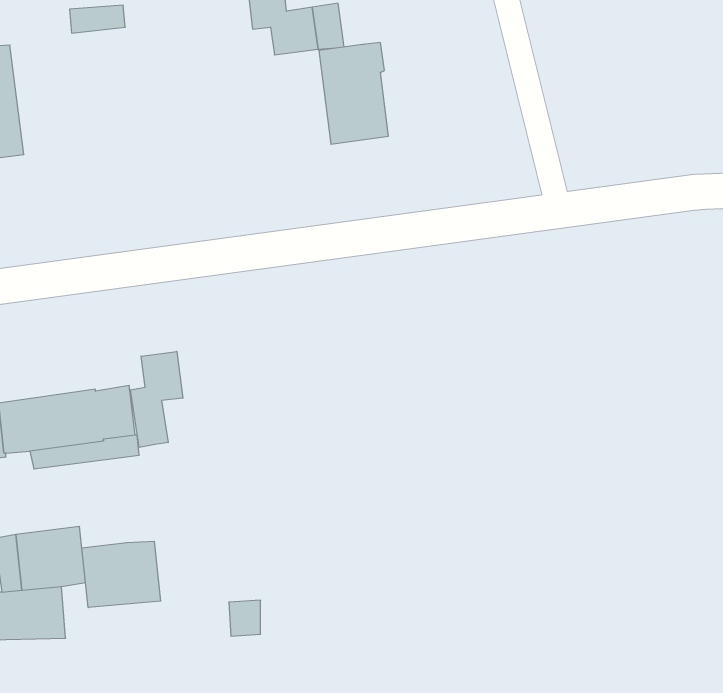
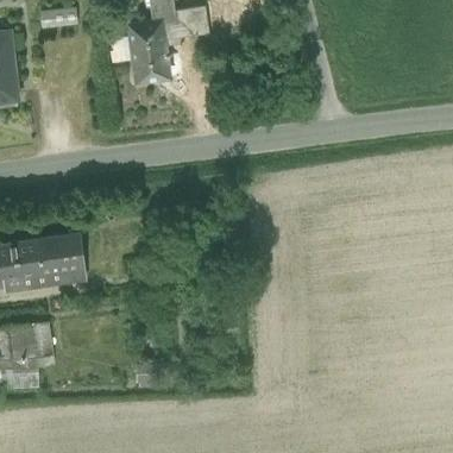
building: [319,43,388,144] -> [126,23,168,83]
building: [131,351,183,447] -> none
building: [82,541,161,608] -> none

